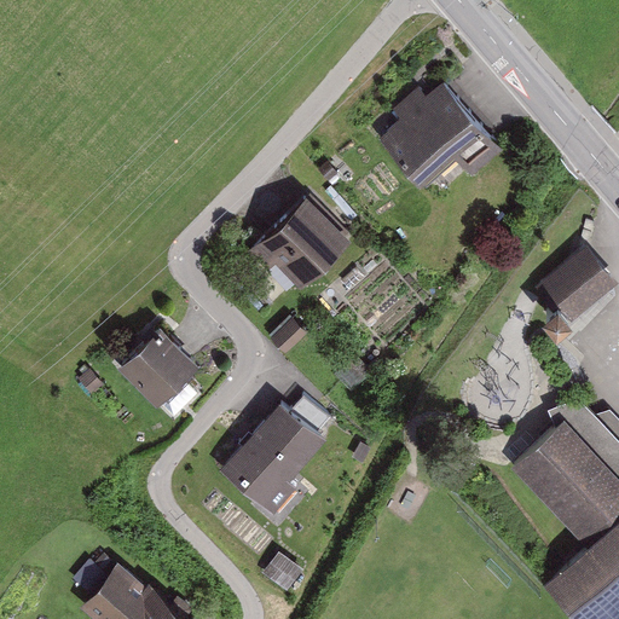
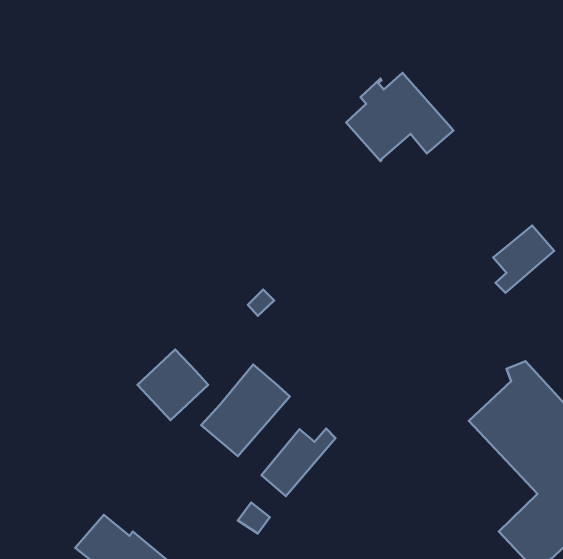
building: [250,201,342,283] -> none
building: [125,325,202,403] -> [137,349,208,420]
building: none -> [261,428,335,496]

